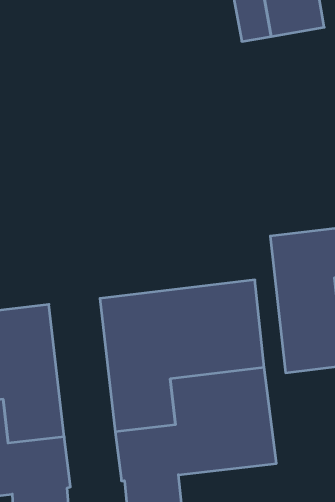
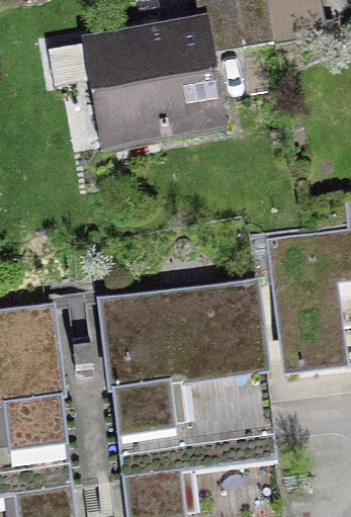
building: none -> [47,18,225,132]

